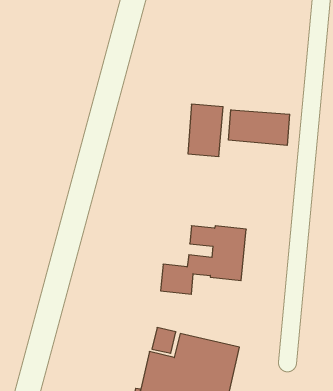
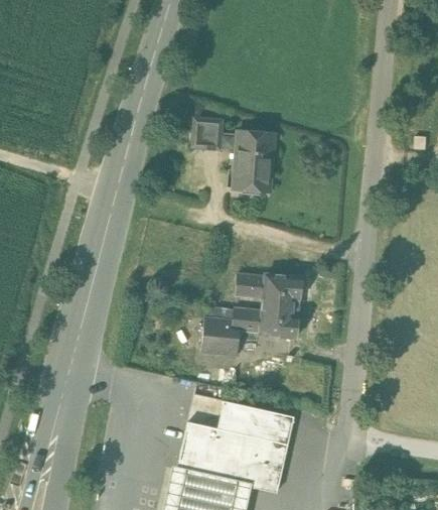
building: none -> [192,119,223,150]
building: [229,110,290,145] -> none

